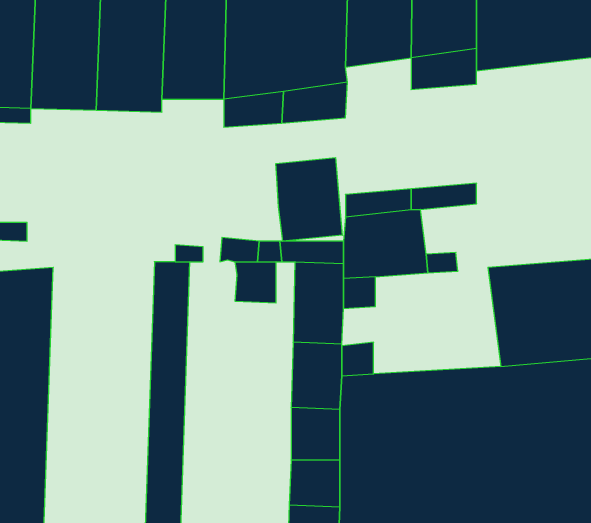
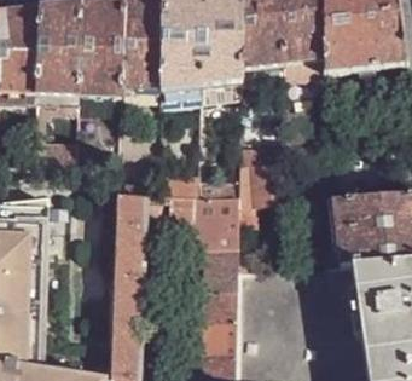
building: [276,158,342,241] -> none

